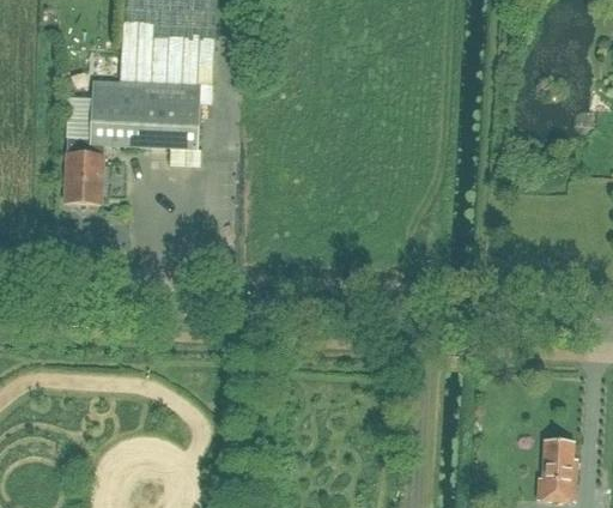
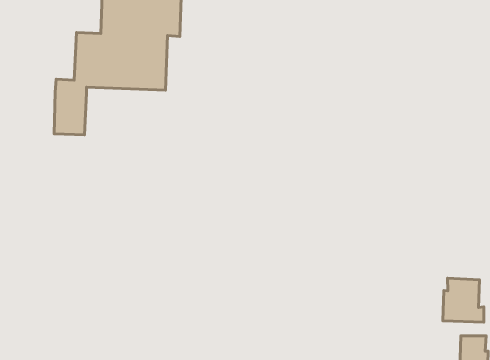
building: none -> [443,278,484,322]

